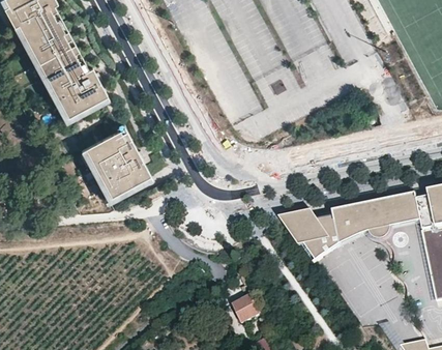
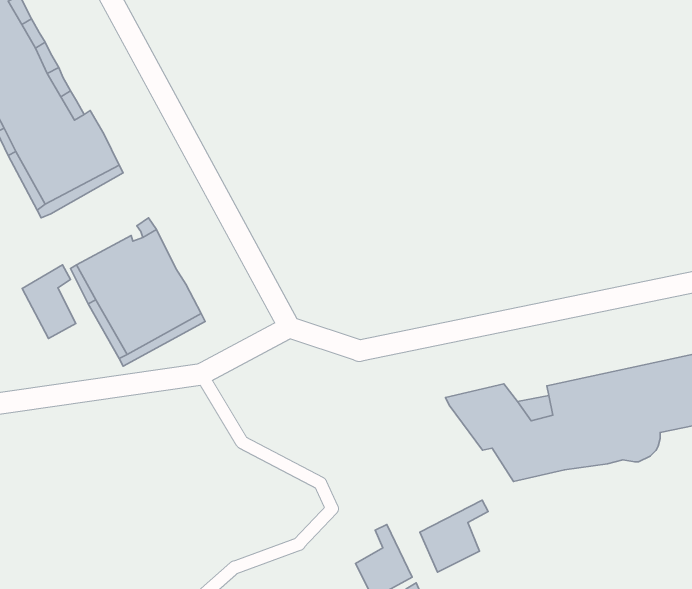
building: none -> [22,265,76,339]
building: none -> [420,500,488,572]

